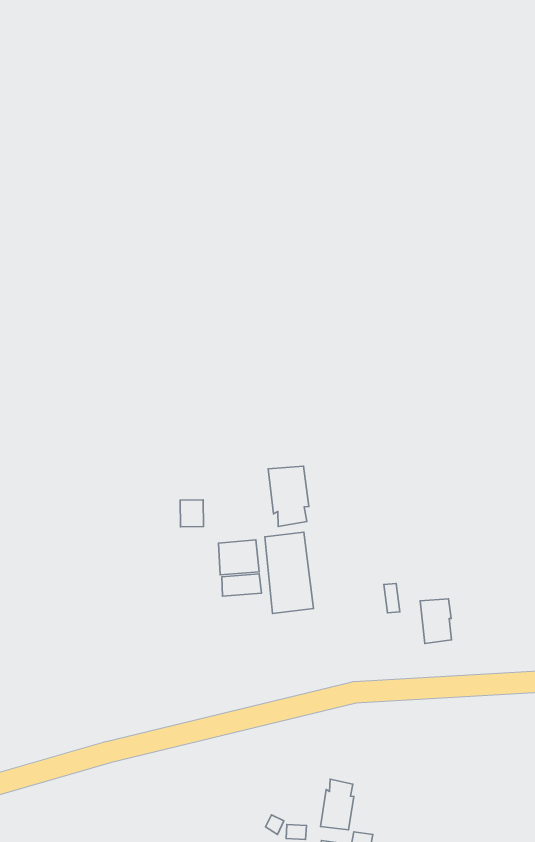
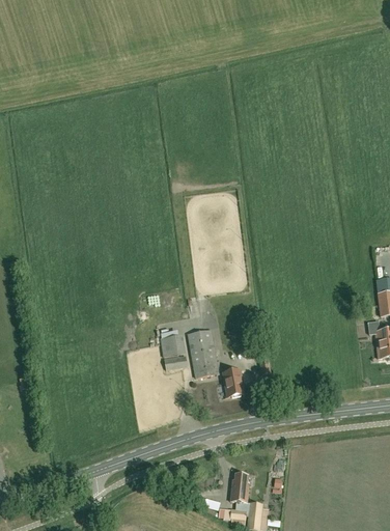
building: [268,466,309,527] -> none
building: [420,599,452,643] -> [222,368,242,395]

